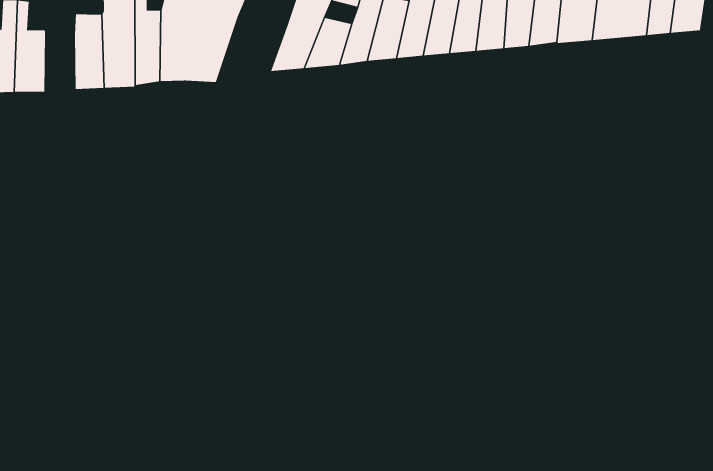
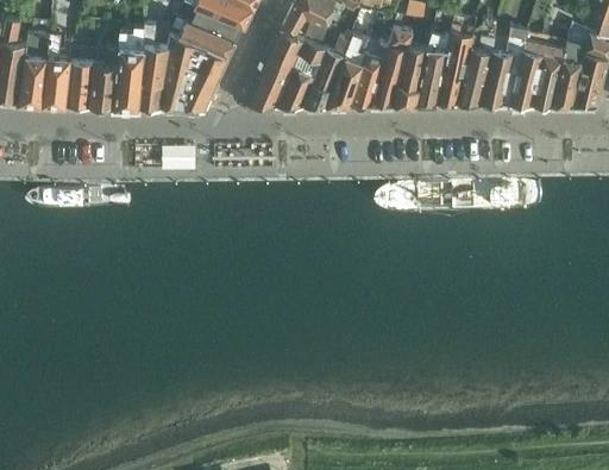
building: none -> [65,59,93,108]

